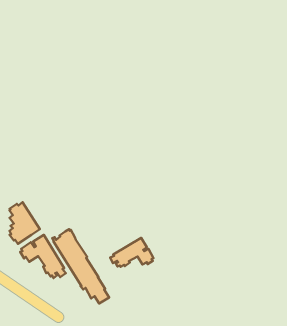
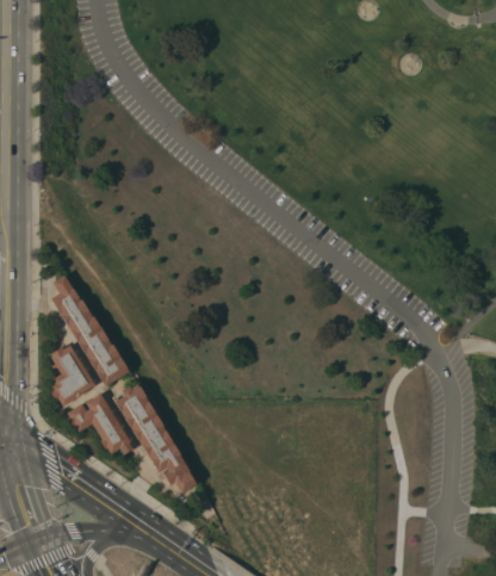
building: none -> [51,274,129,385]
building: [110,238,154,267] -> none

